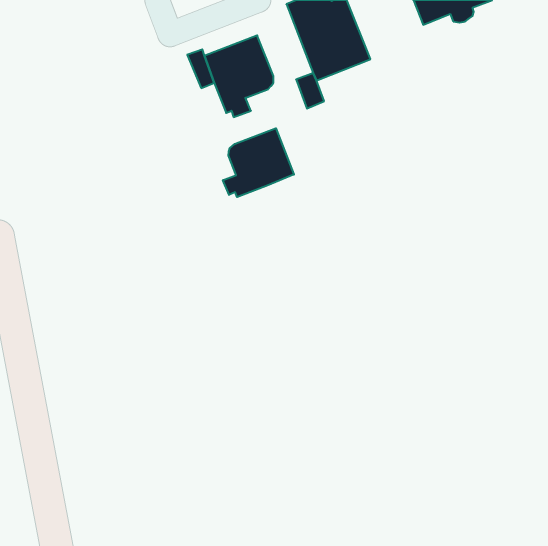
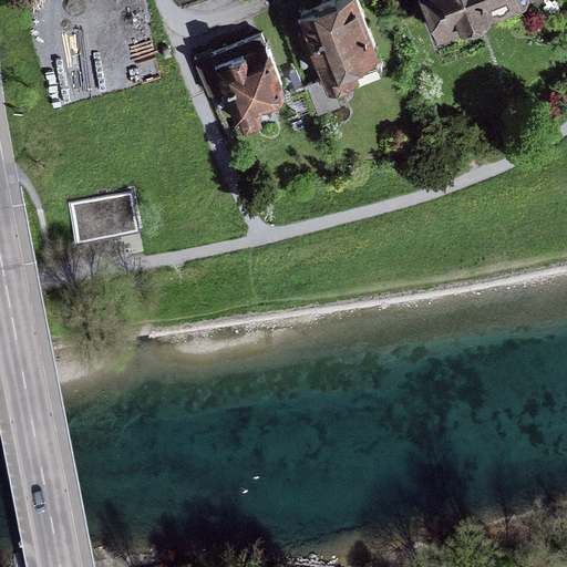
building: [223,128,294,197] -> none
building: none -> [68,194,137,244]

